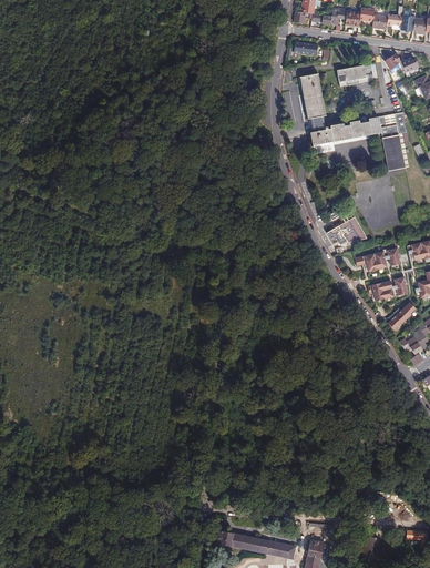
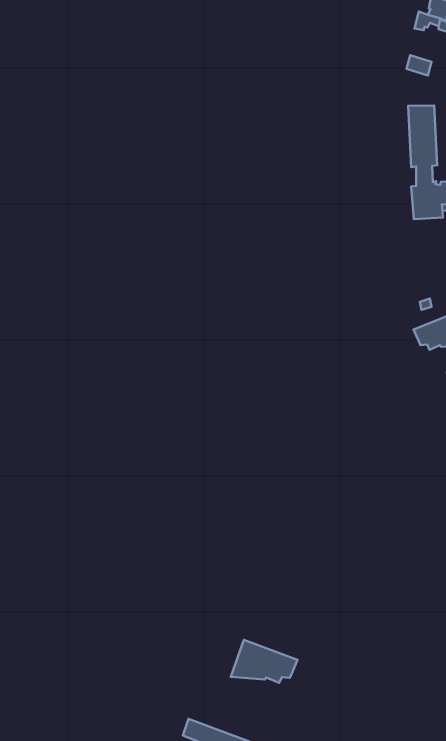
building: none -> [231,640,298,683]

